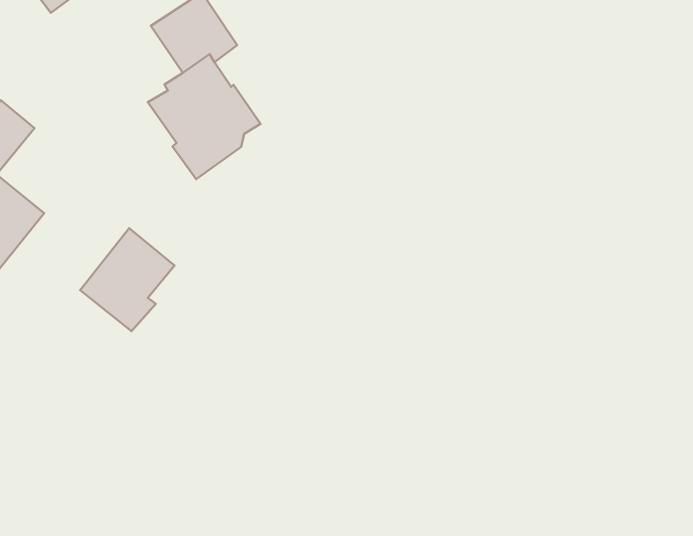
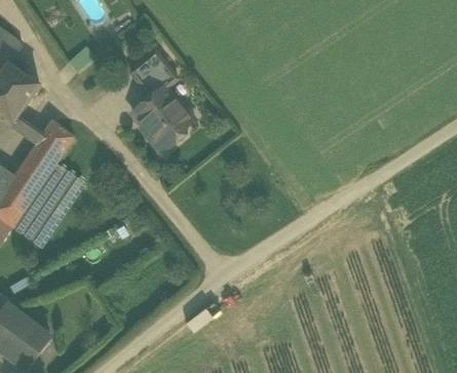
building: [80,228,175,331] -> none

